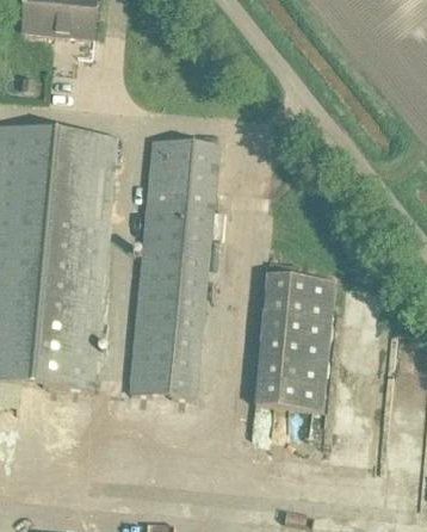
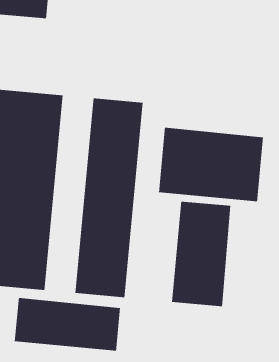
building: none -> [158,127,264,202]
building: none -> [14,297,120,352]

